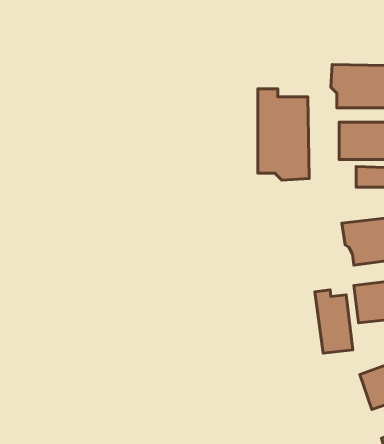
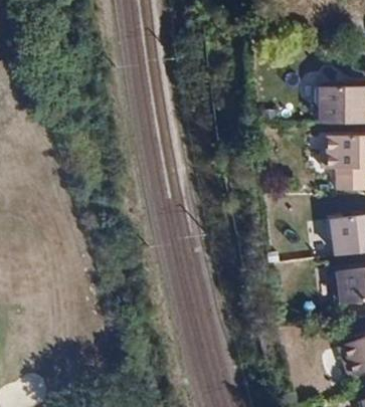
building: [258,89,309,180] -> none
building: [315,290,353,353] -> none

